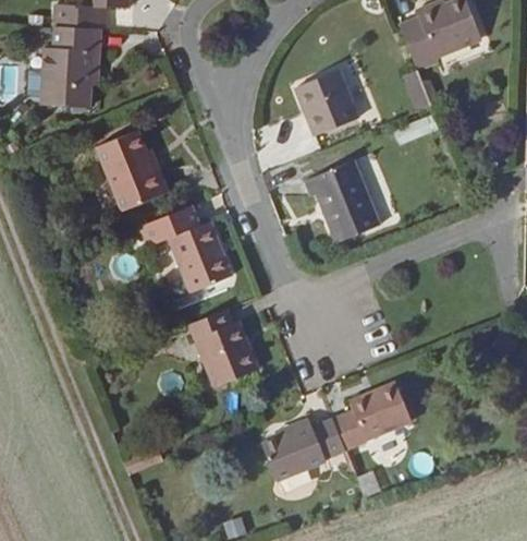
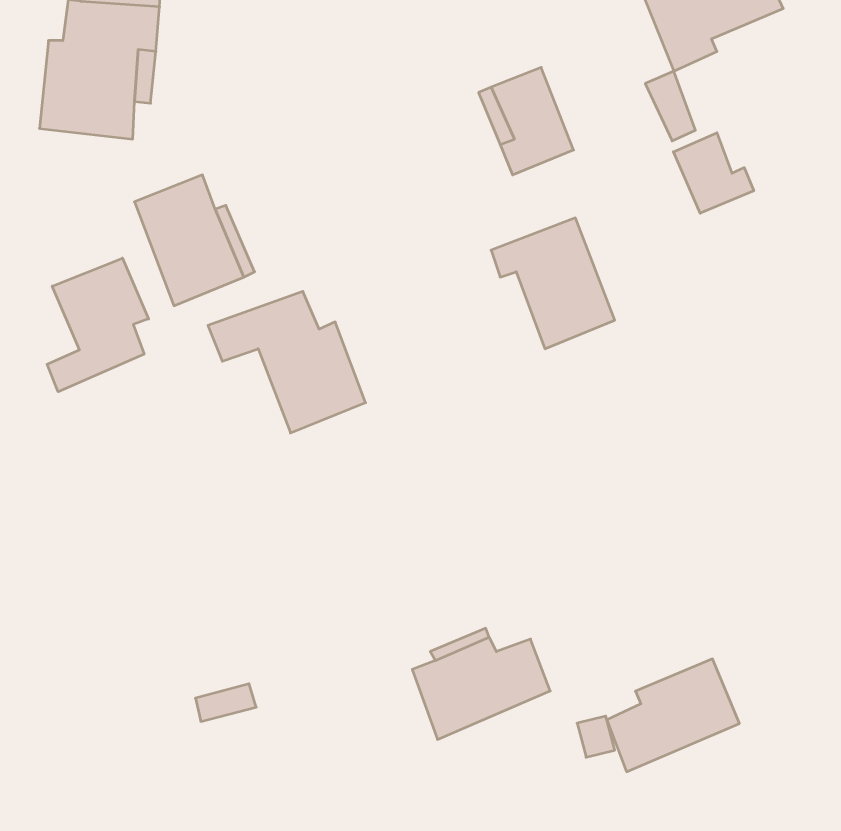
building: none -> [673,133,754,213]
building: none -> [47,258,149,392]
building: [182,310,252,388] -> none
building: [333,380,414,448] -> [607,659,739,772]

